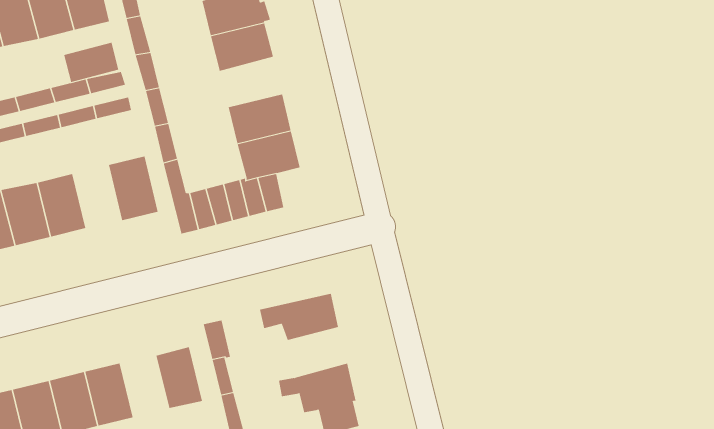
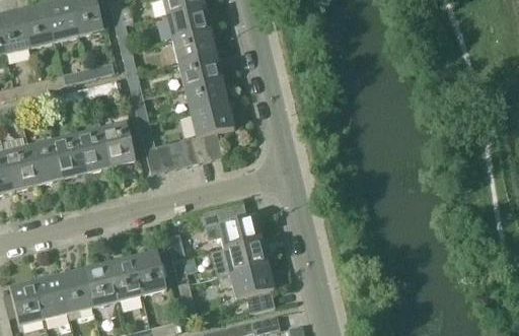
building: [64,42,119,83] -> none
building: none -> [177,53,221,87]
building: none -> [77,127,110,171]
building: none -> [210,239,266,276]
building: none -> [109,258,143,300]

